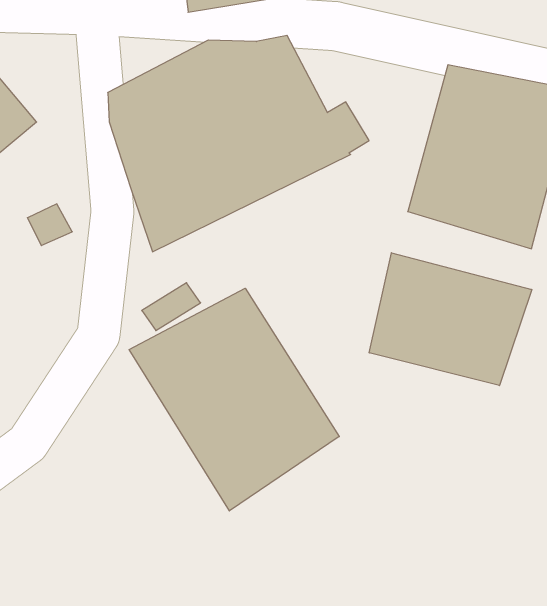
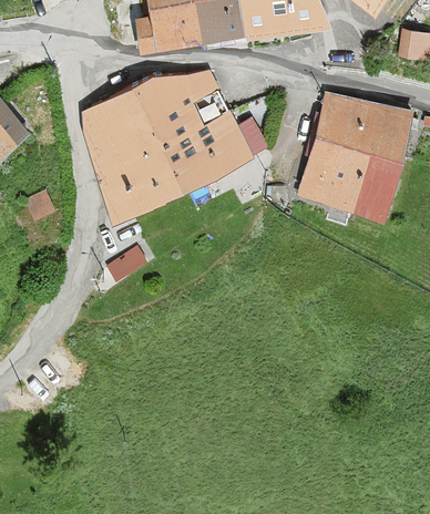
building: [369,253,532,386] -> none
building: [129,288,339,511] -> none

